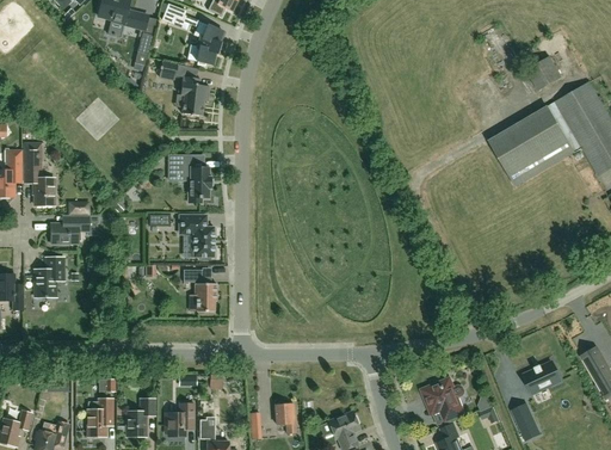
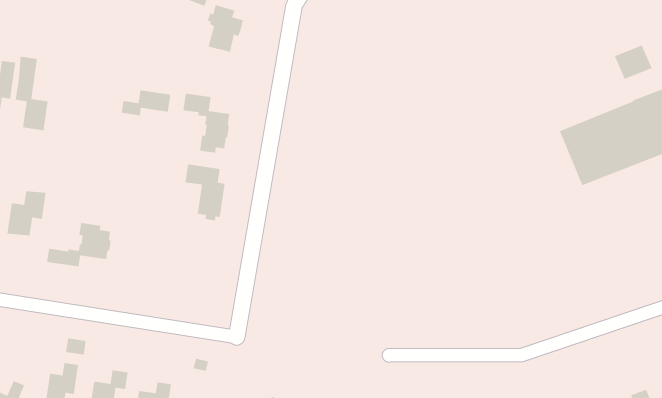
building: none -> [121,89,171,116]
building: [50,215,87,244] -> none
building: [183,270,216,312] -> none
building: none -> [46,222,111,267]

